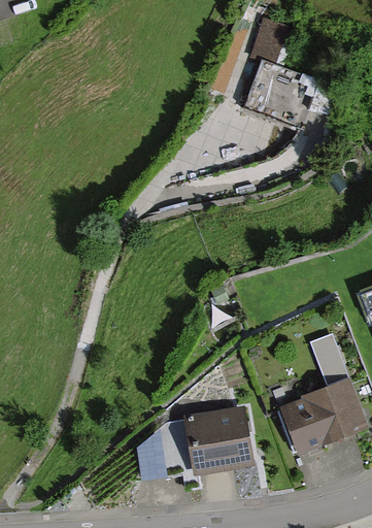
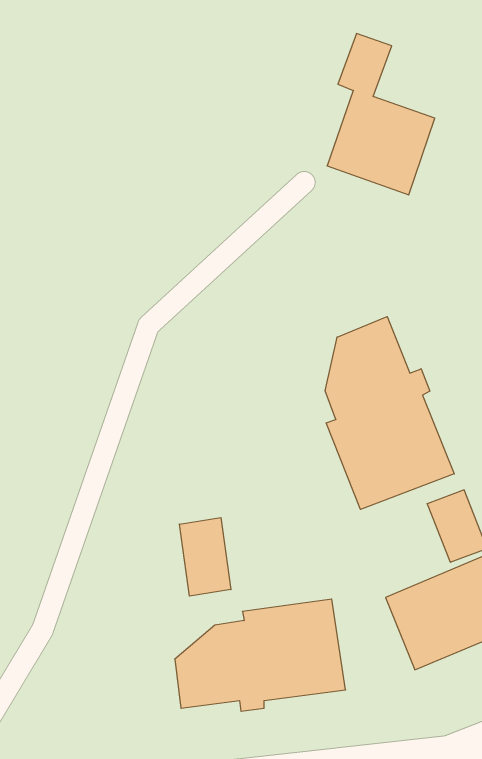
building: none -> [325,317,454,509]
building: none -> [179,518,231,596]

